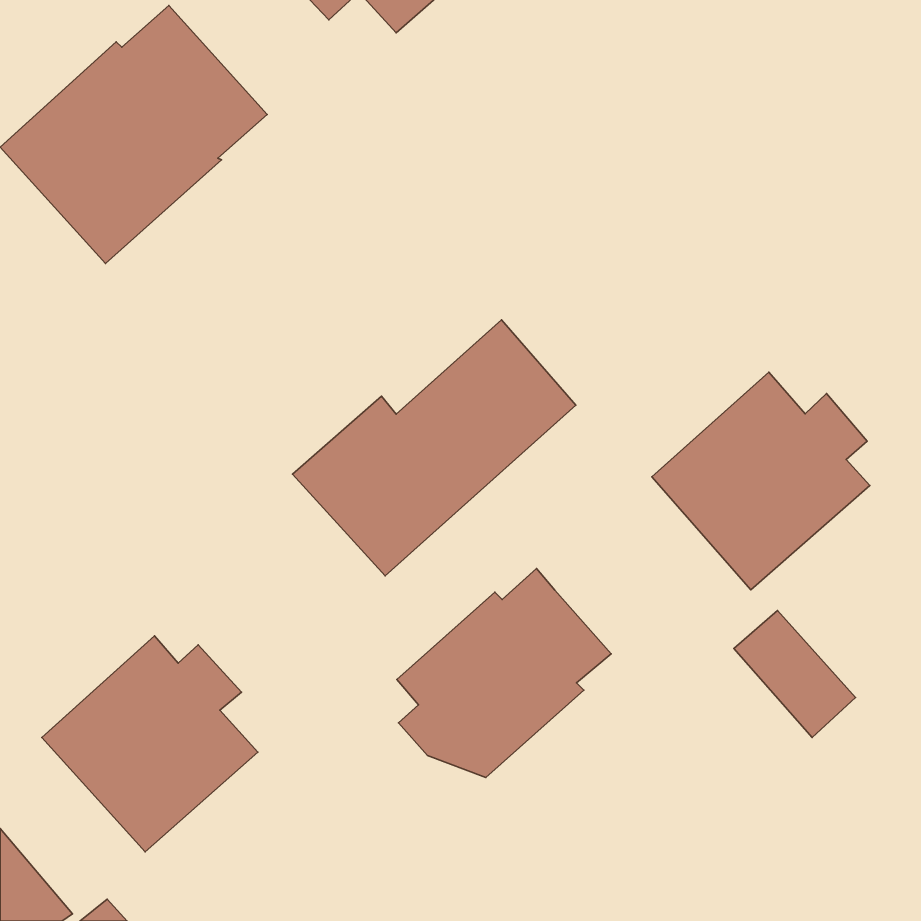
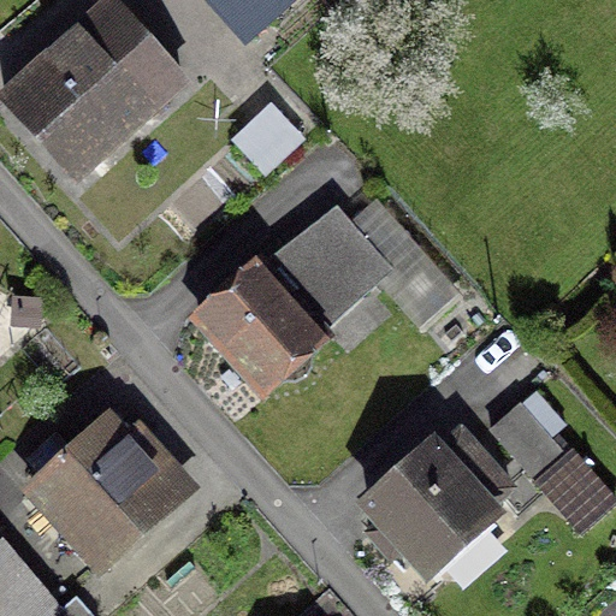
building: [652,372,870,590] -> none
building: [397,569,611,777] -> [368,431,510,569]

